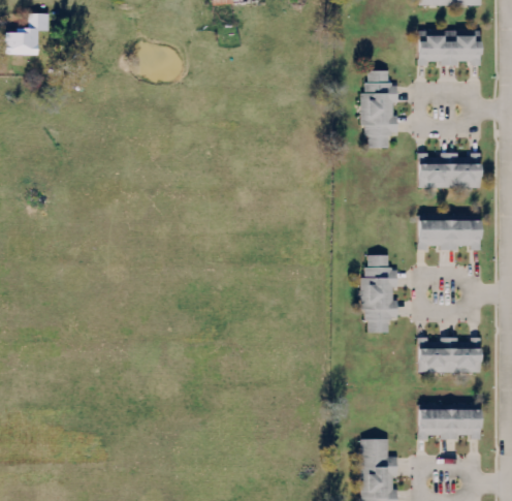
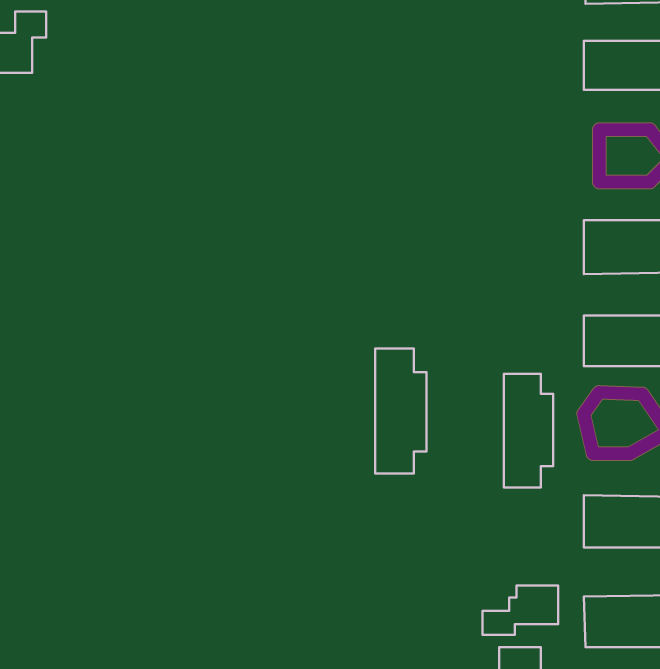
building: [364,70,397,148] -> none
building: none -> [375,349,427,473]
building: none -> [483,586,558,635]

